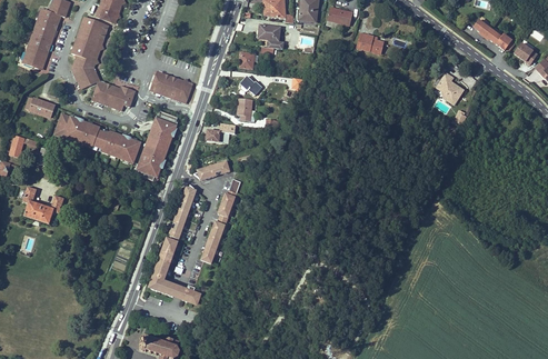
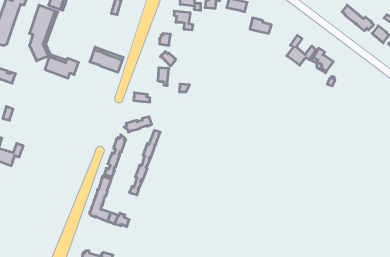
building: none -> [287,35,316,65]
building: [136,111,177,180] -> none
building: [53,116,139,162] -> none

